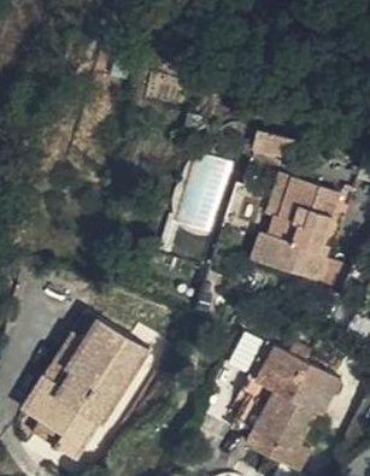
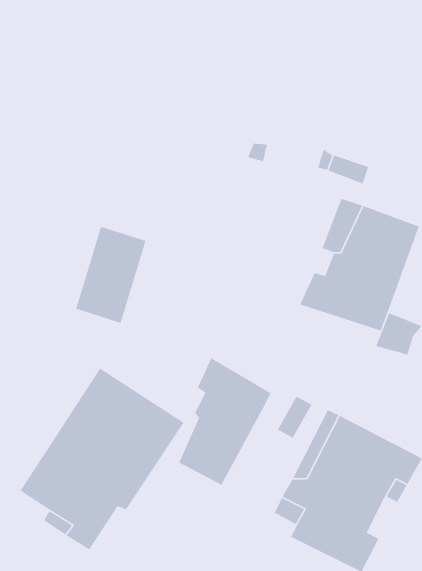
building: [172,152,230,231] -> [75,226,147,324]
building: none -> [178,357,272,486]

